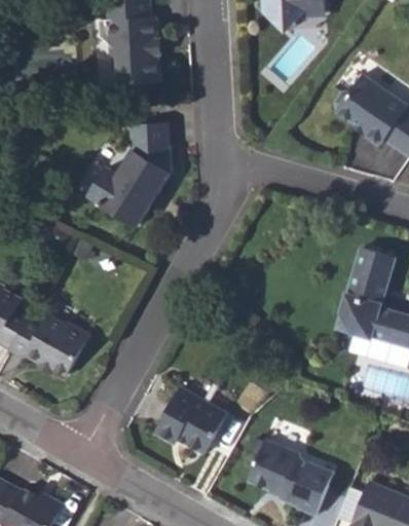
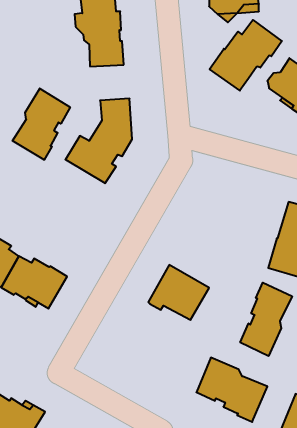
building: none -> [210,20,282,91]
building: none -> [13,88,70,160]
building: none -> [240,283,292,356]
building: [154,385,228,452] -> [148,265,209,320]

